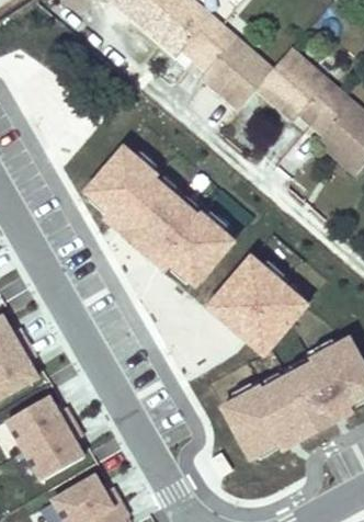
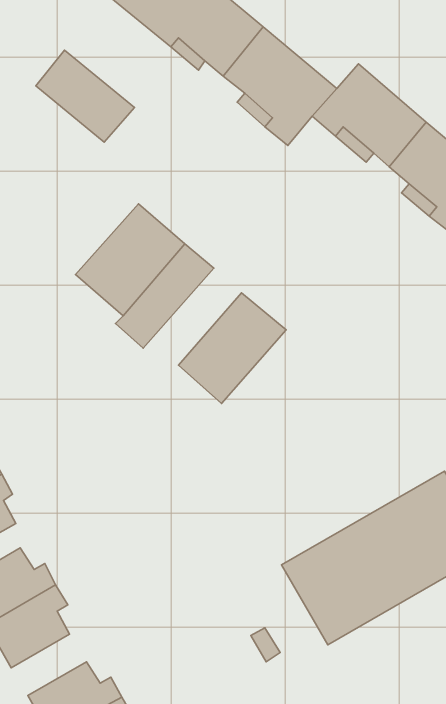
building: none -> [36,50,134,142]
building: [133,193,203,268] -> none
building: [214,259,310,354] -> none

